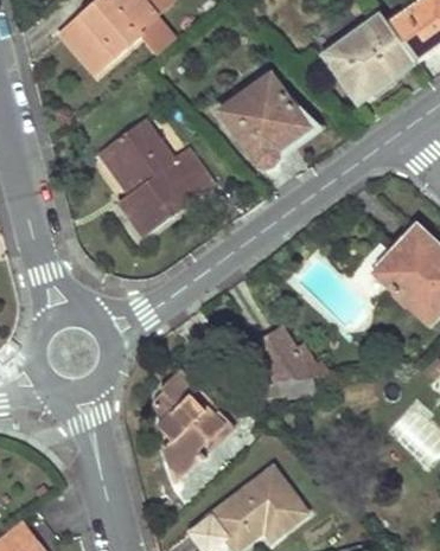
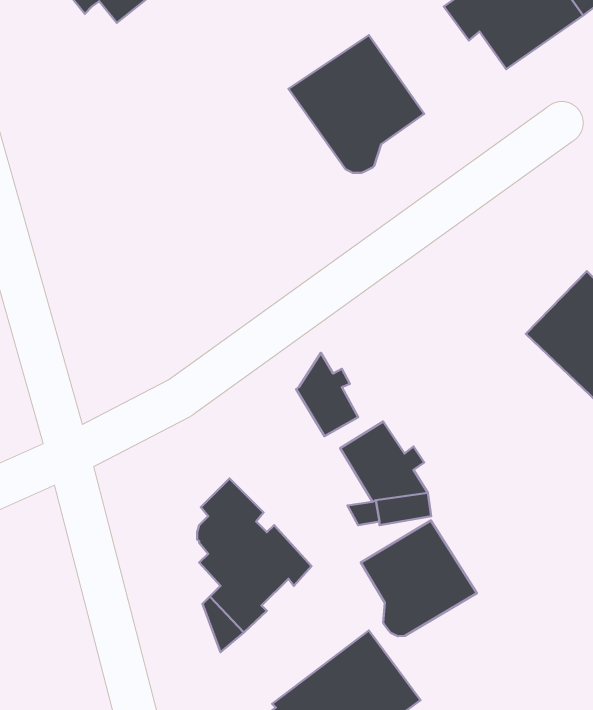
building: [108,118,213,233] -> none
building: none -> [296,353,358,436]
building: none -> [361,520,477,636]

